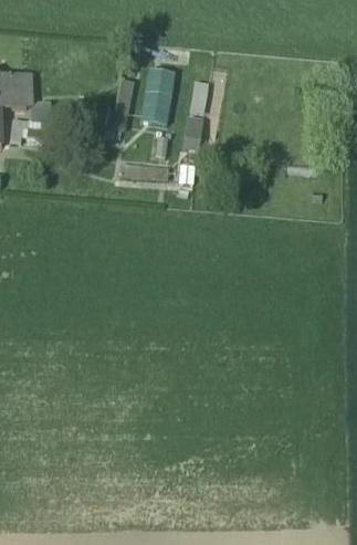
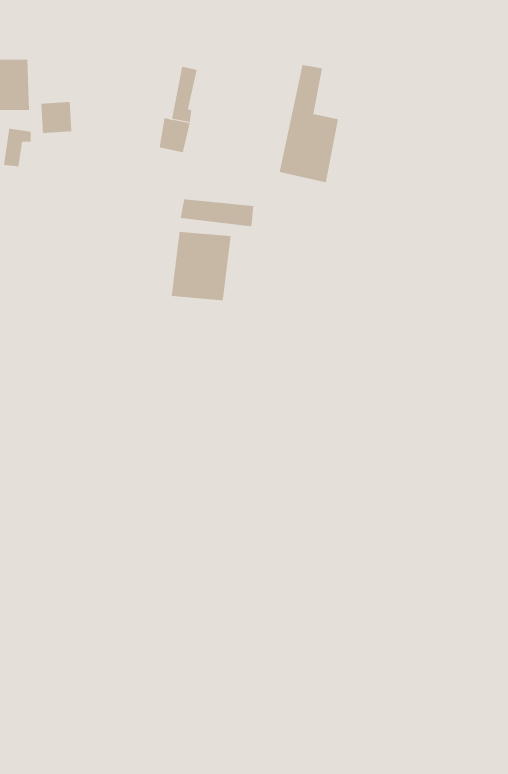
building: [144,71,174,125] -> none
building: none -> [171,231,231,301]

